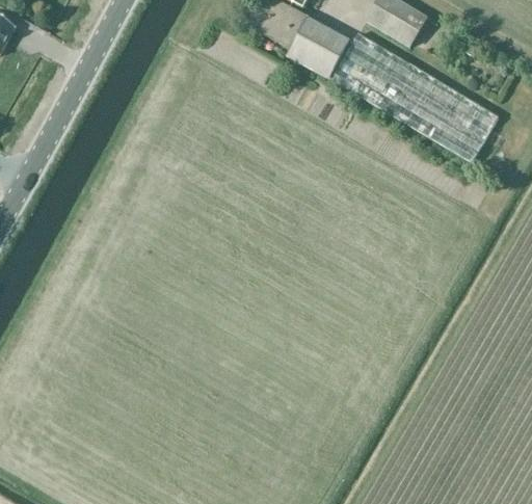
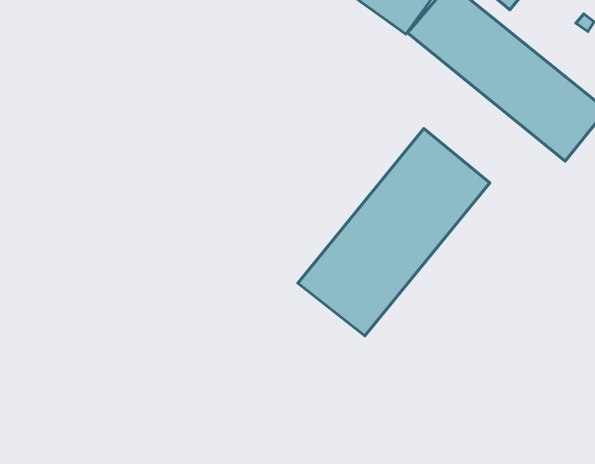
building: none -> [298,128,490,336]

